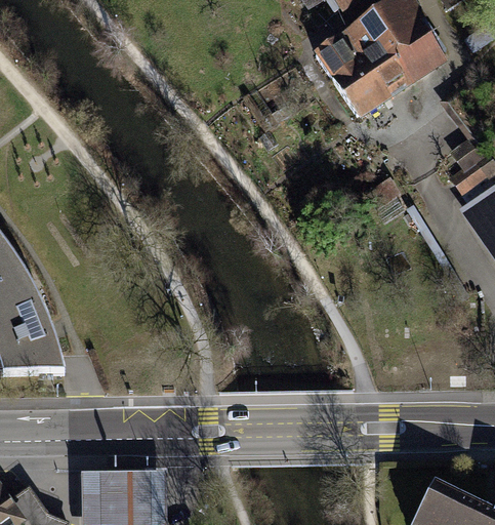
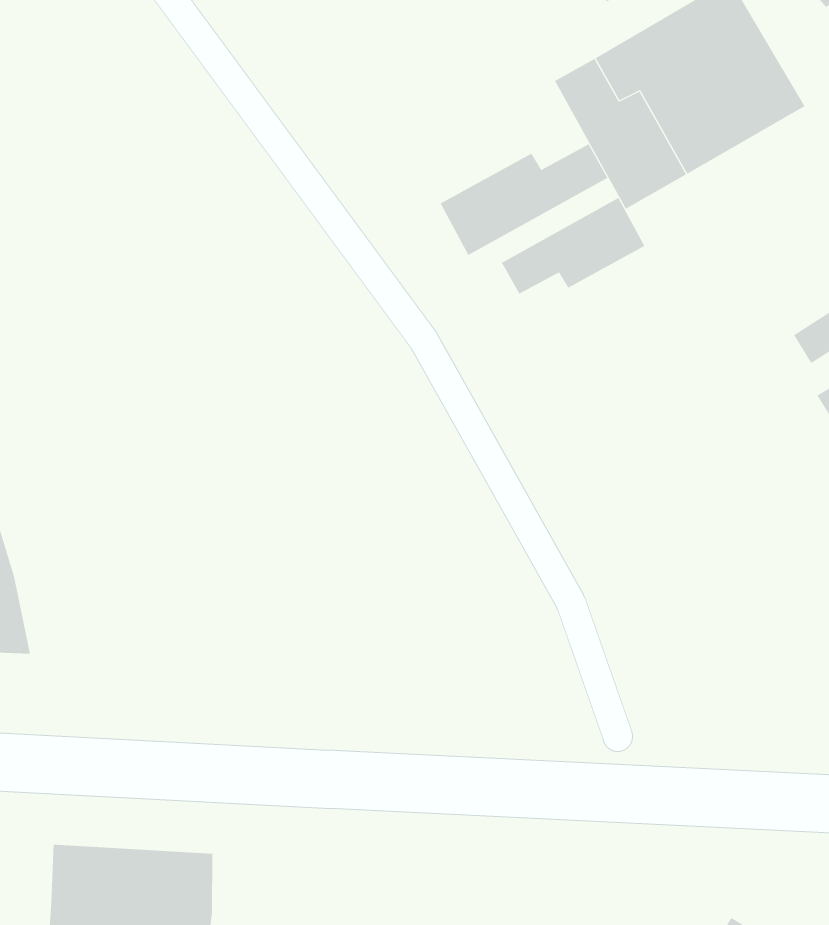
building: none -> [440,144,608,256]
building: none -> [501,197,645,295]

